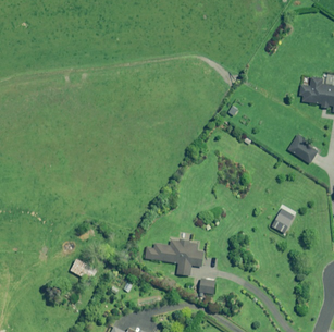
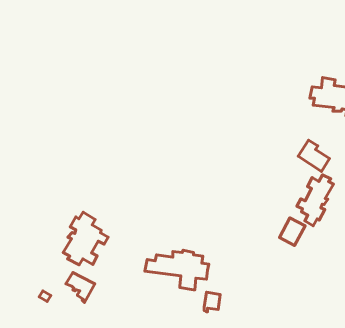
building: none -> [297,175,333,226]
building: none -> [63,212,108,265]

